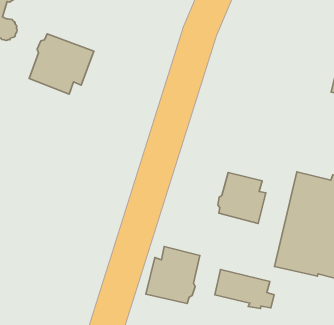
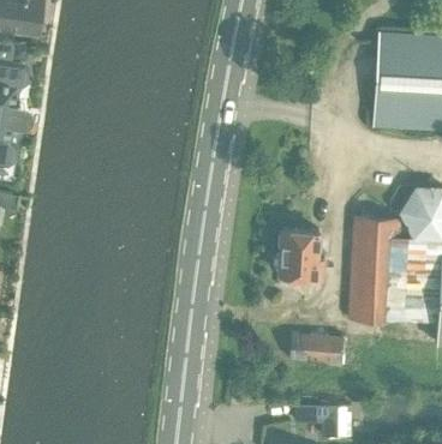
building: [29,34,94,94] -> none
building: [146,246,200,304] -> none

